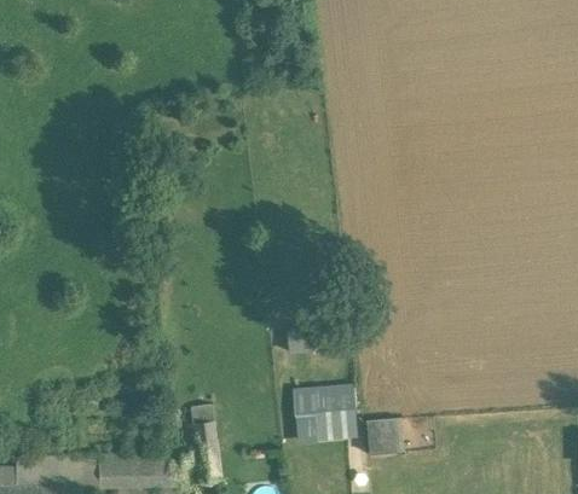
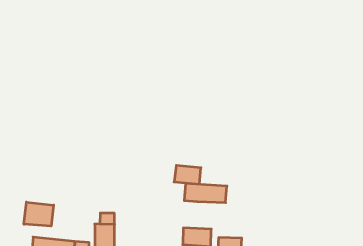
building: [291,385,353,414] -> [184,183,227,203]
building: none -> [24,202,54,226]

